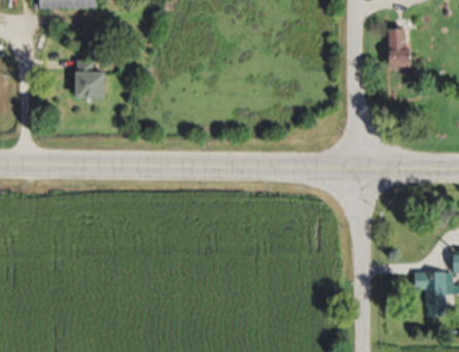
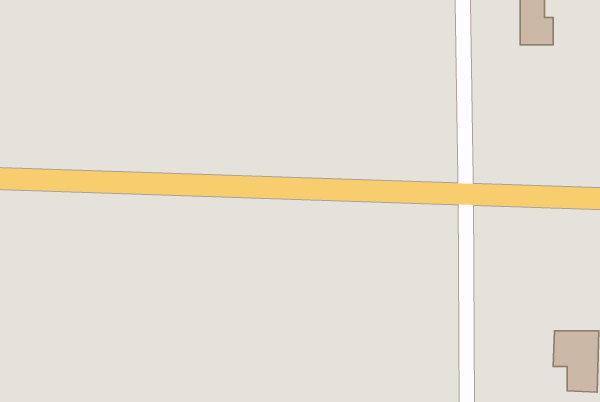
building: [75,61,107,98] -> none

